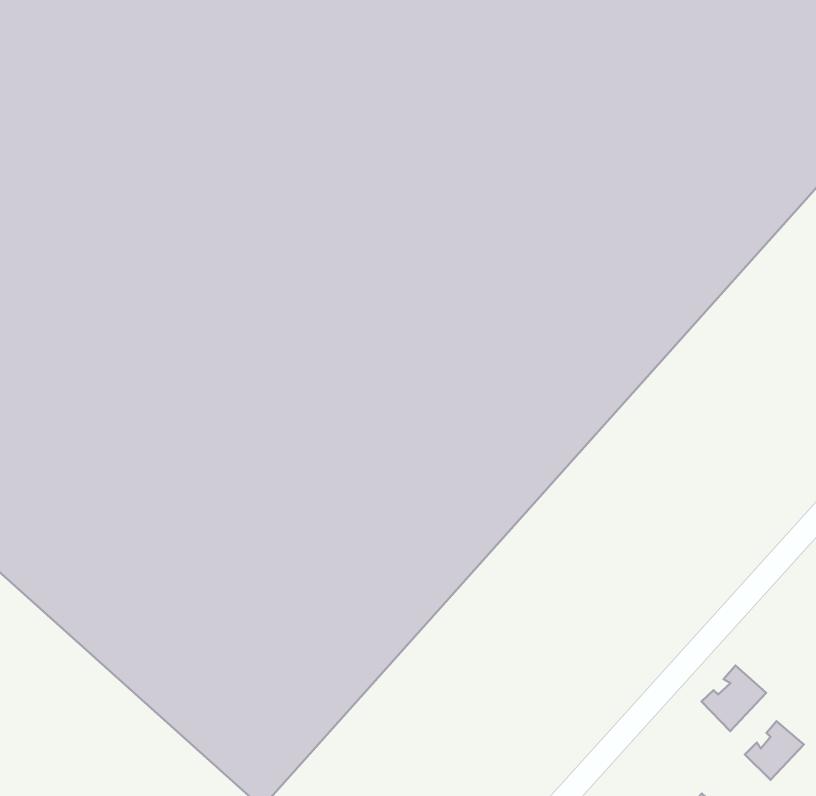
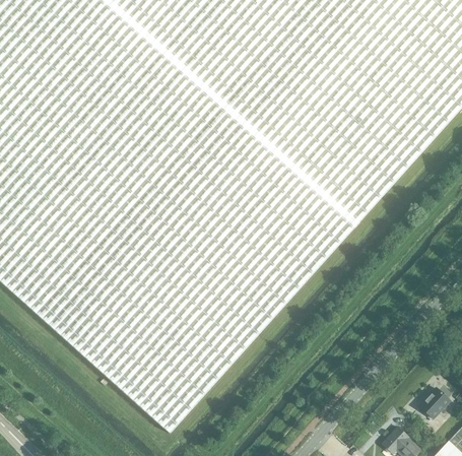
building: [701,666,766,731] -> none

